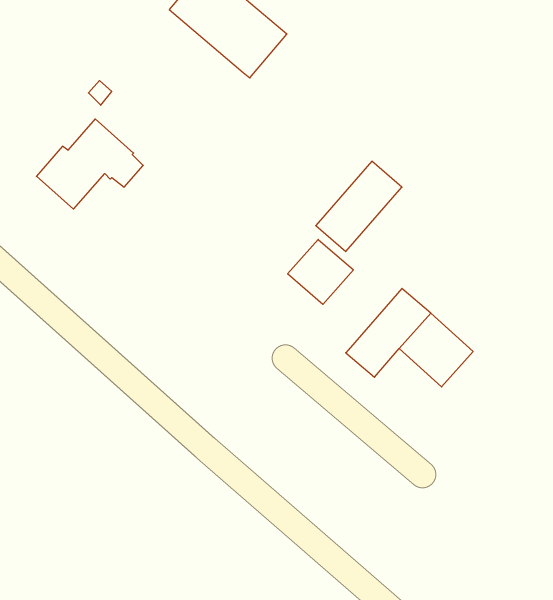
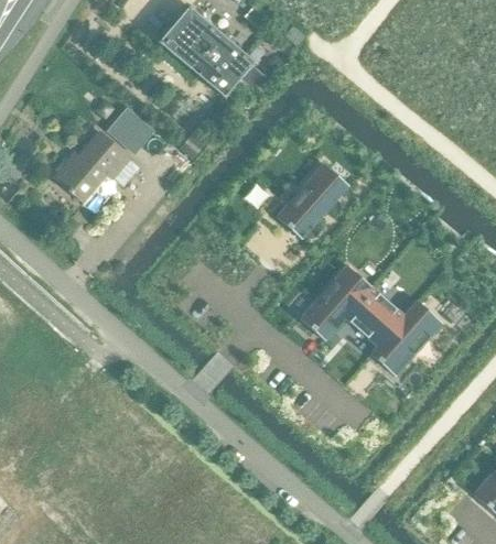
building: none -> [107,108,153,152]
building: [288,239,353,304] -> none
building: none -> [371,302,441,373]

